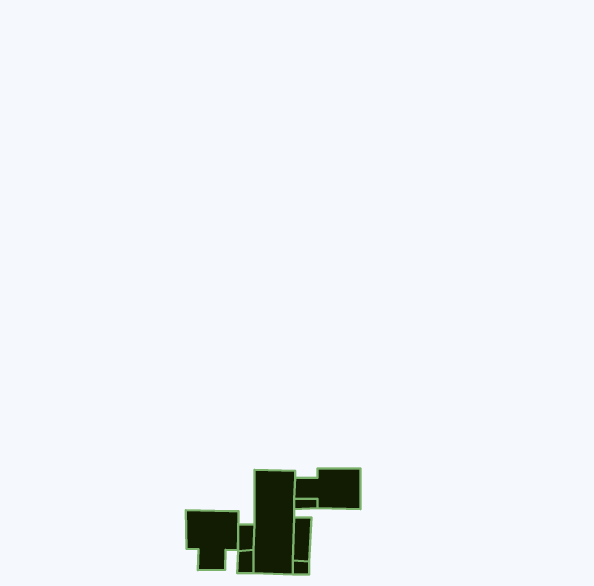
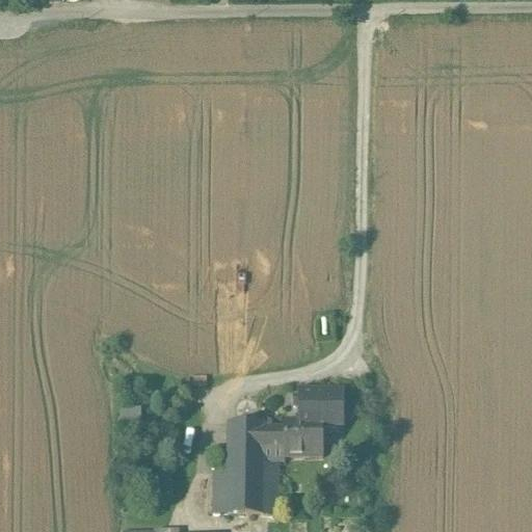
building: none -> [299,387,343,425]
building: [186,510,239,570] -> none

